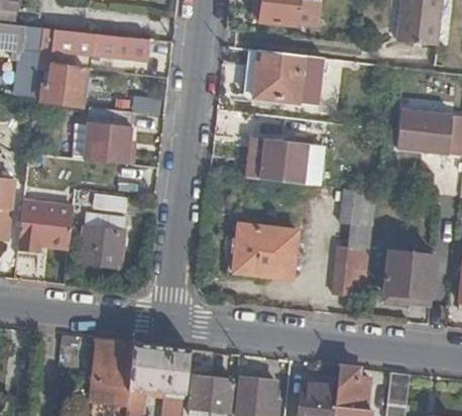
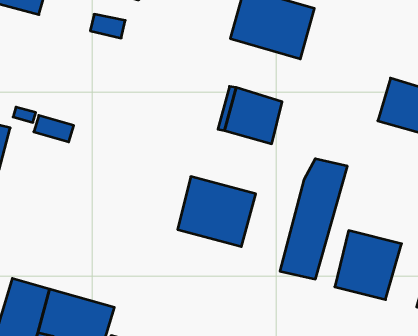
building: [84,120,133,163] -> none
building: [83,212,125,266] -> none

